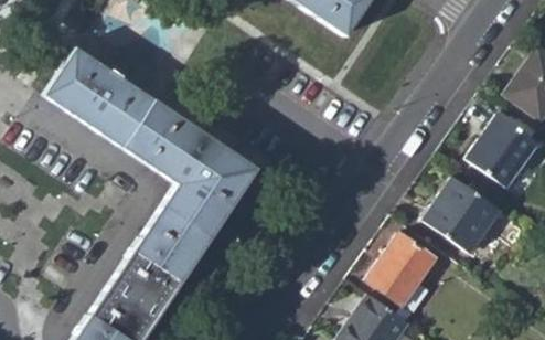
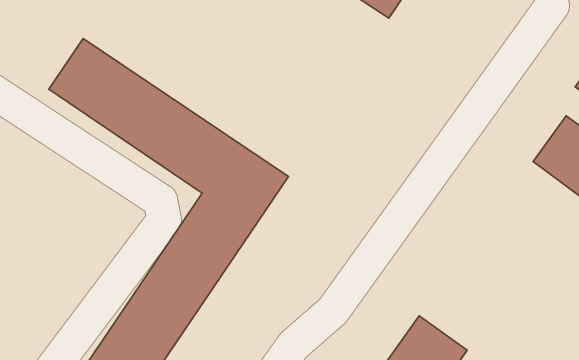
building: [424,178,502,254] -> none
building: [367,233,436,305] -> none

